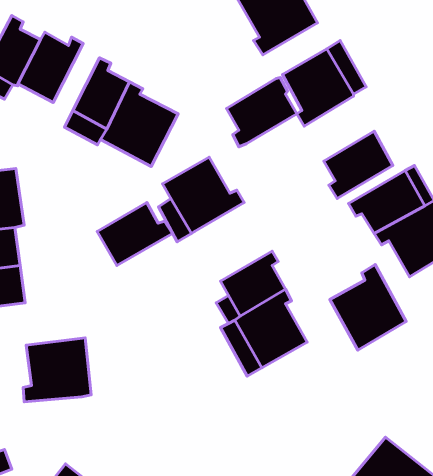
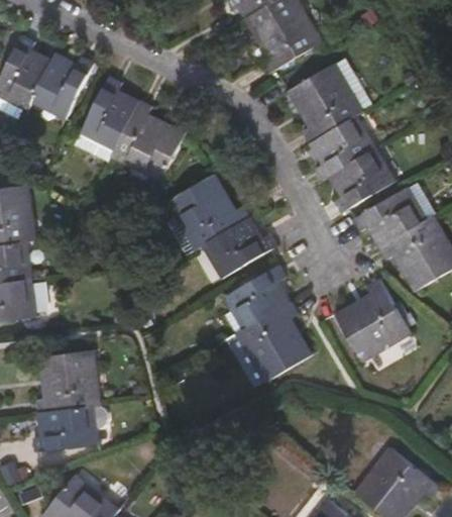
building: [227,78,297,147] -> [309,113,377,181]
building: [97,203,173,266] -> [202,218,275,280]
building: none -> [31,408,96,450]

